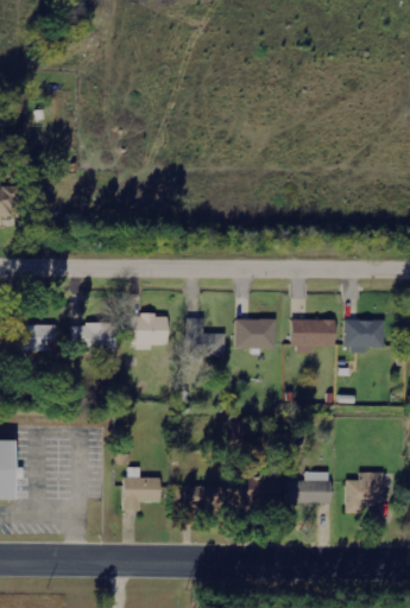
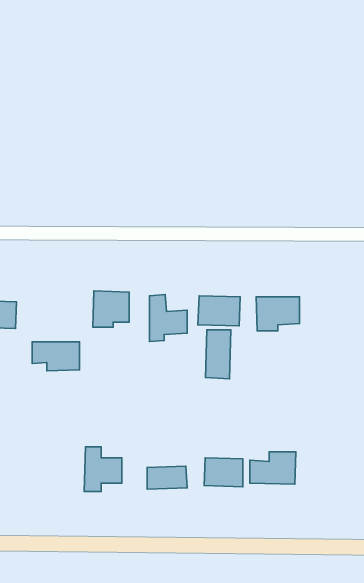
building: [343,319,385,349] -> none
building: [70,323,116,352] -> [32,342,79,371]
building: none -> [205,330,231,379]
building: [346,471,384,513] -> none

